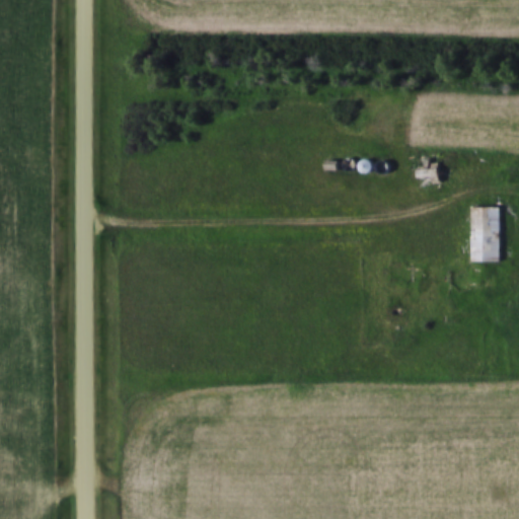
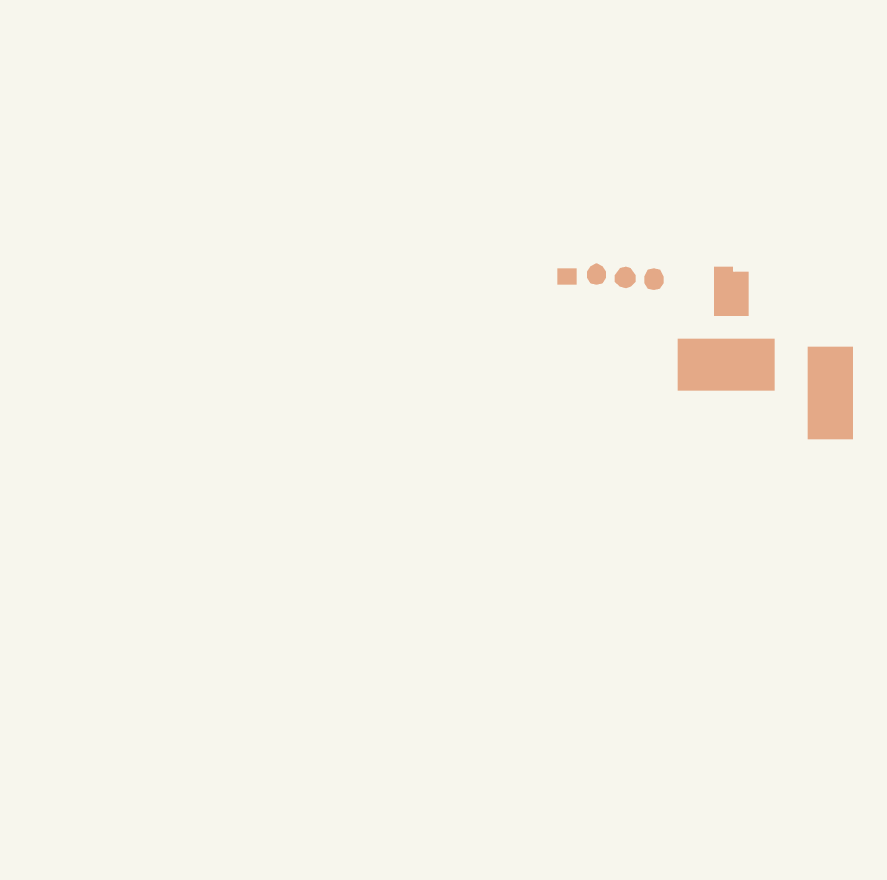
building: none -> [677,338,775,392]

